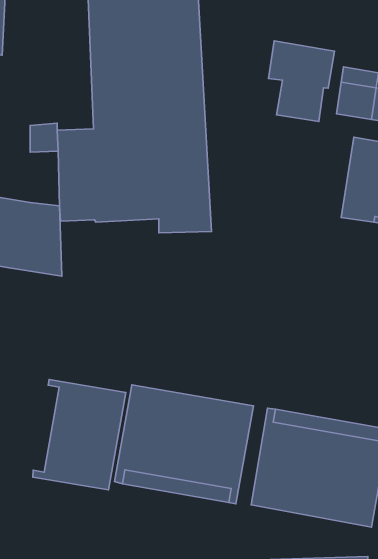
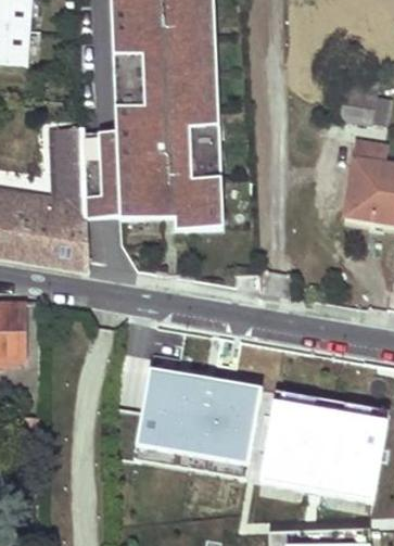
building: [268,41,335,122] -> none
building: none -> [55,152,82,203]
building: [33,379,126,490] -> none

